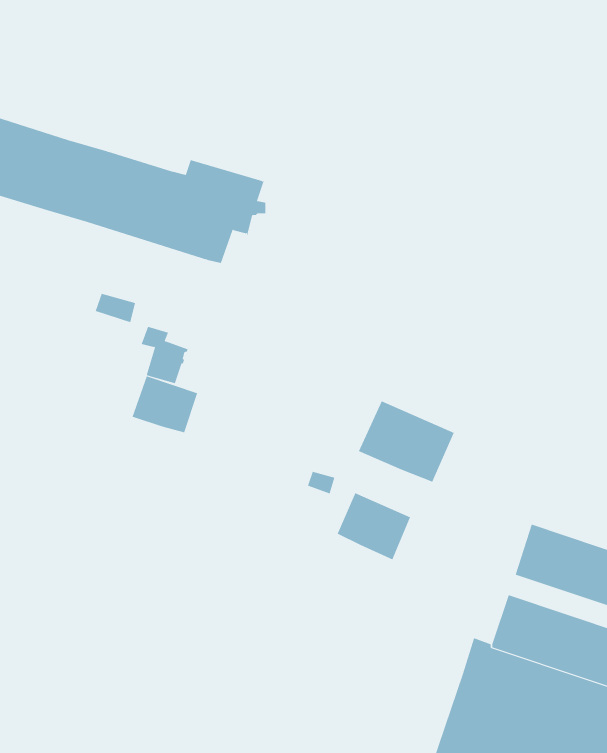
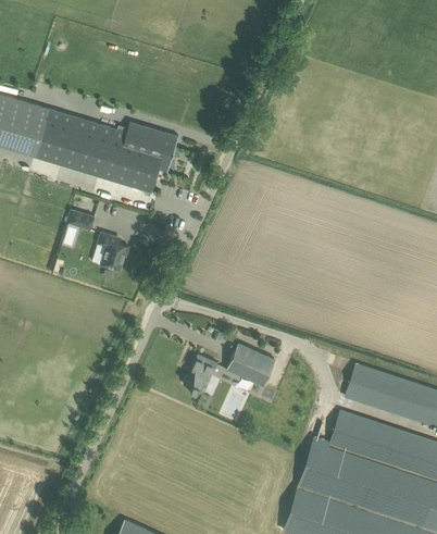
building: [132,376,198,433] -> none
building: [358,400,454,482] -> none
building: none -> [183,353,216,394]

